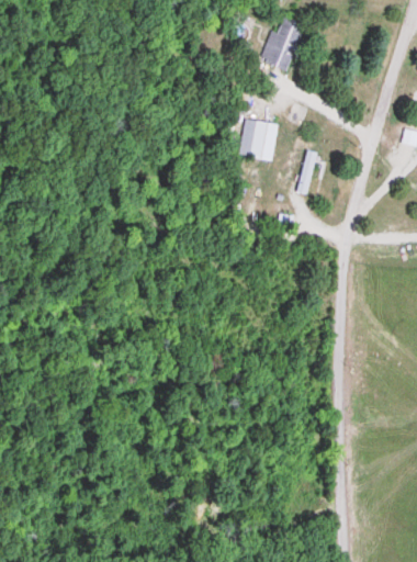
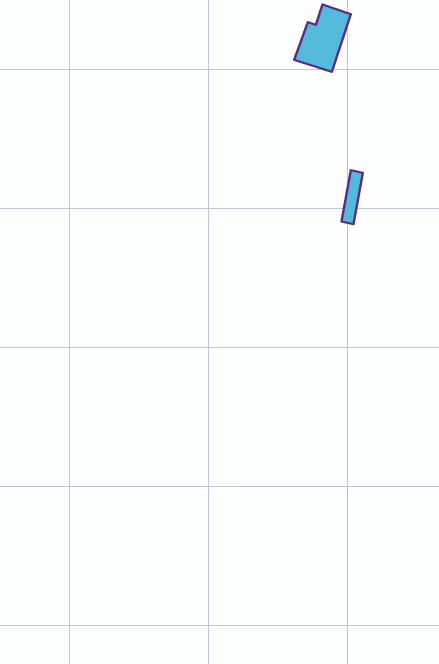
building: [248,121,278,161] -> none

